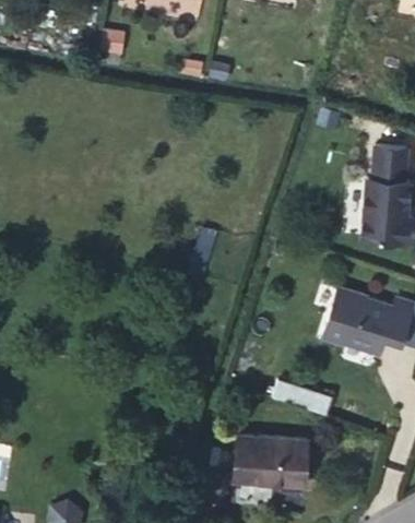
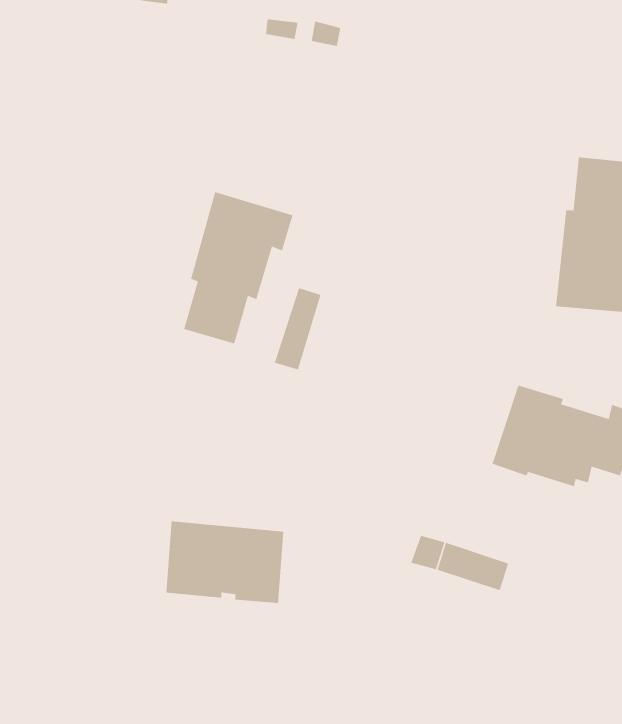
building: none -> [183,191,294,345]
building: [234,433,307,485] -> [166,521,284,604]

